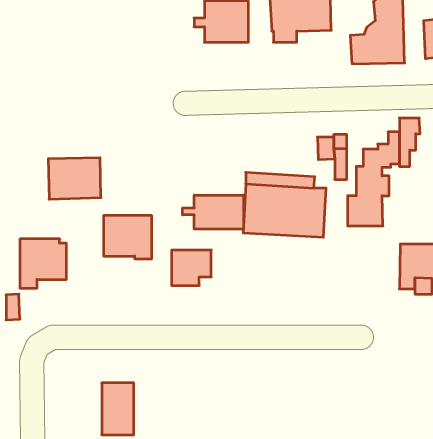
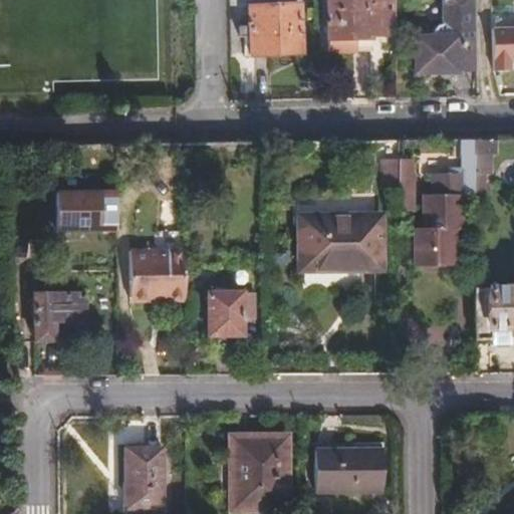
building: [183,195,243,229] -> none
building: none -> [235,436,288,504]
building: none -> [316,442,383,490]

